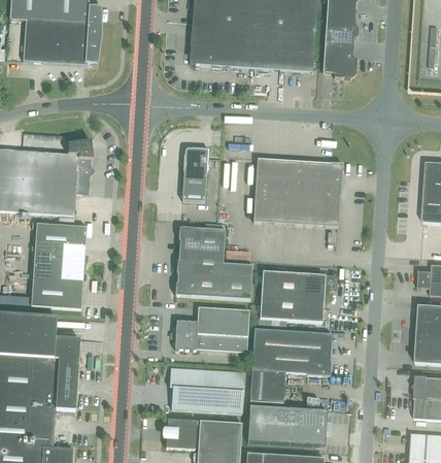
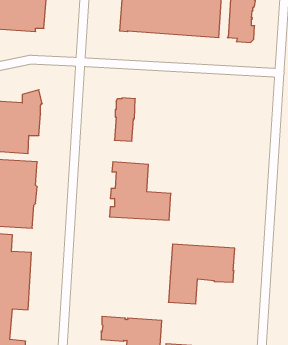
building: [252,158,343,226] -> none
building: [259,270,335,322] -> none
building: [174,306,249,351] -> none
building: [169,366,244,412] -> none
building: [247,405,327,447] -> none

